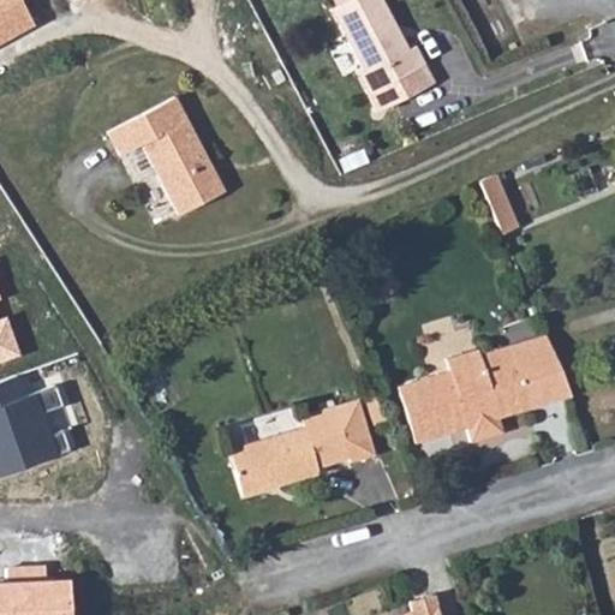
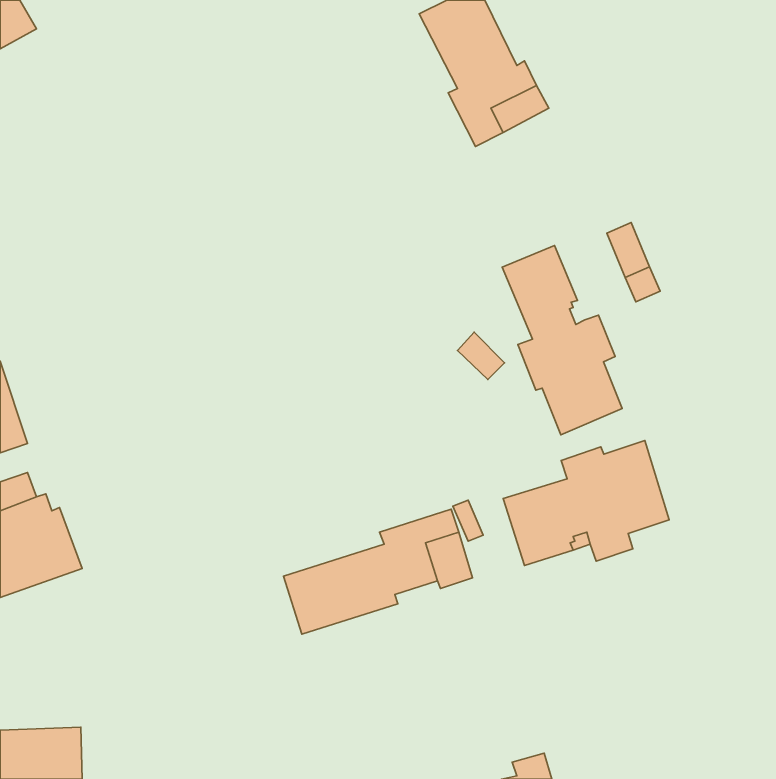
building: [107,96,222,213] -> none
building: none -> [502,246,622,435]
building: [510,336,571,410] -> none

